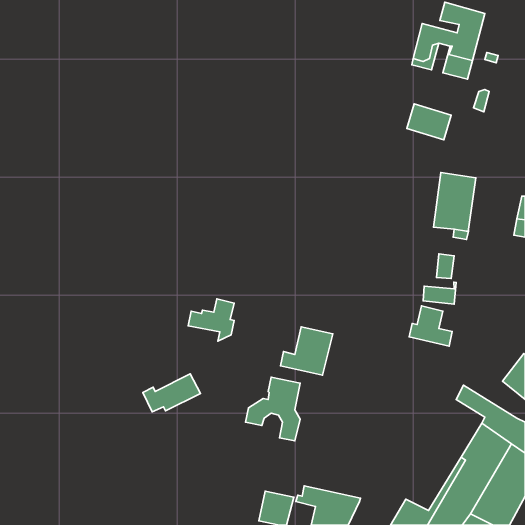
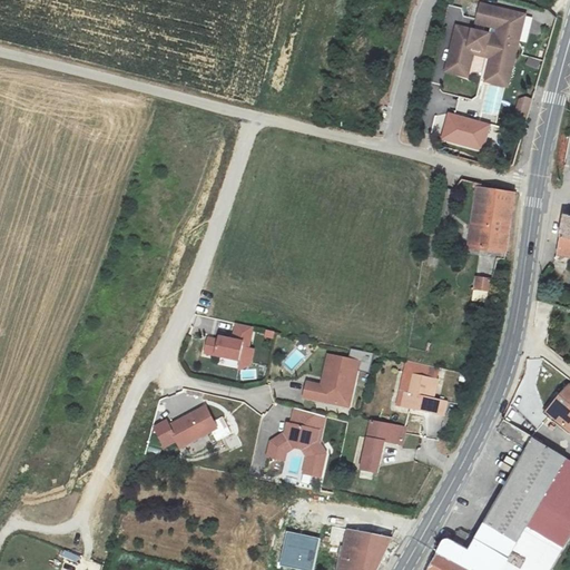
building: [423,282,456,304] -> none
building: [409,306,452,346] -> [400,372,446,415]
building: none -> [361,420,405,473]

